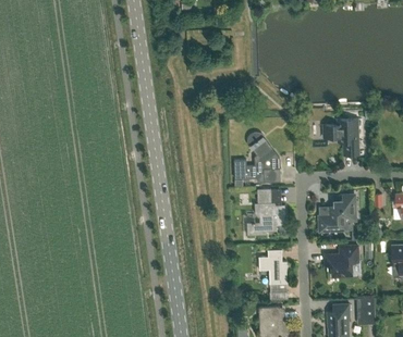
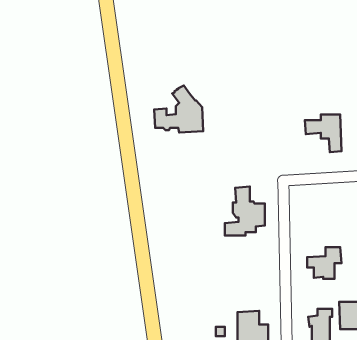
building: [234,138,281,183] -> [154,86,203,132]
building: [319,196,356,230] -> none
building: [259,250,288,284] -> none

